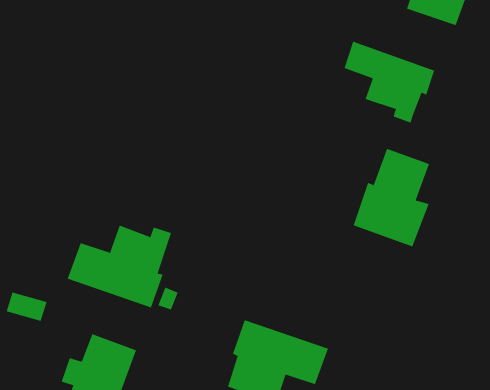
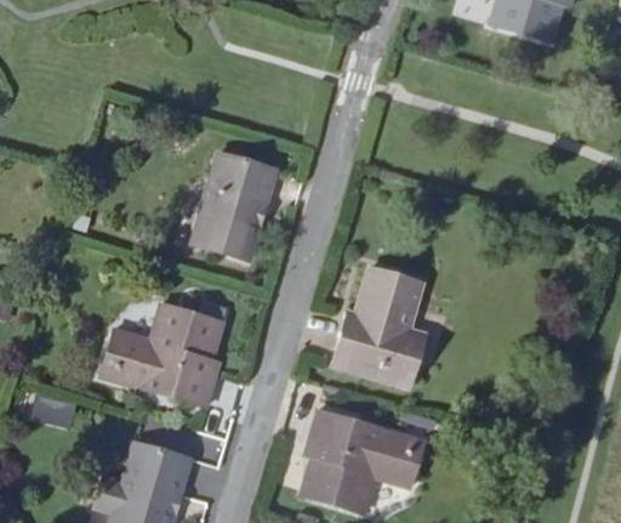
building: [344,41,435,123] -> none
building: none -> [193,155,275,260]
building: [353,148,430,247] -> [334,269,425,387]

